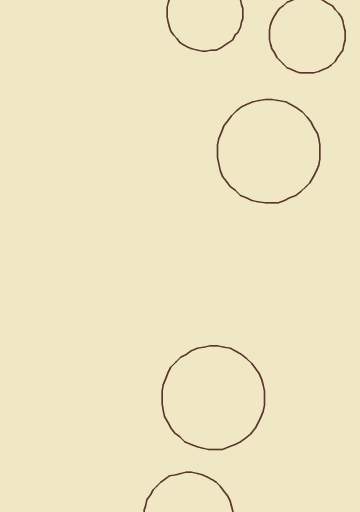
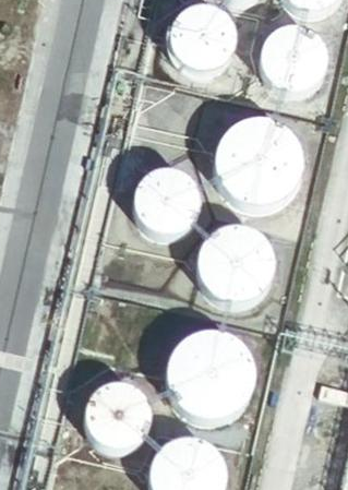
building: none -> [133,169,199,235]
building: none -> [195,226,272,302]
building: none -> [84,382,149,449]

